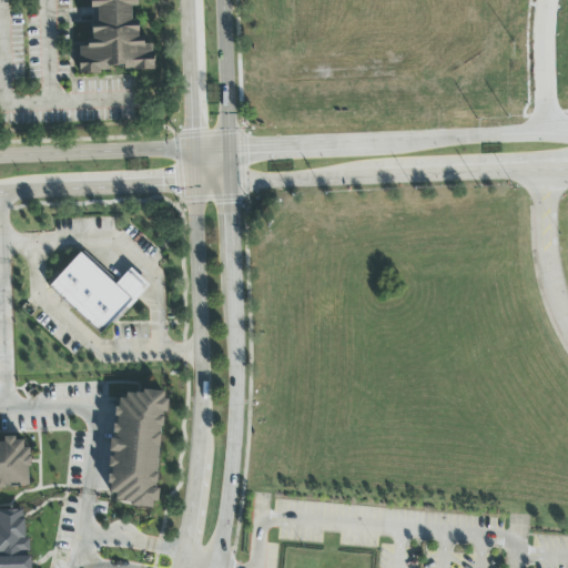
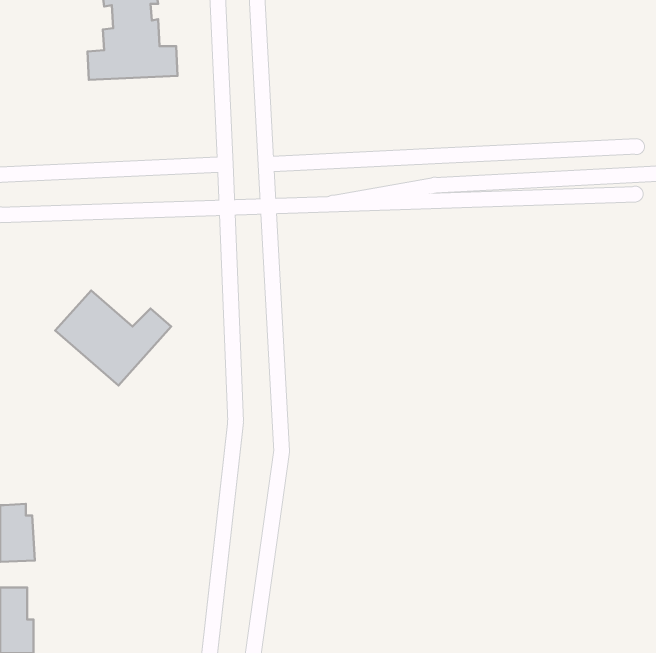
building: [109,388,166,504] -> none

